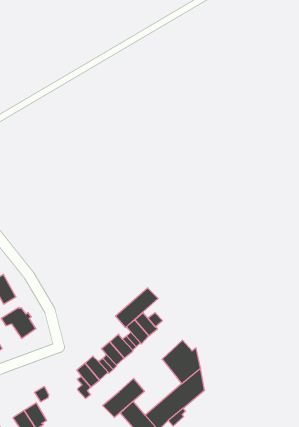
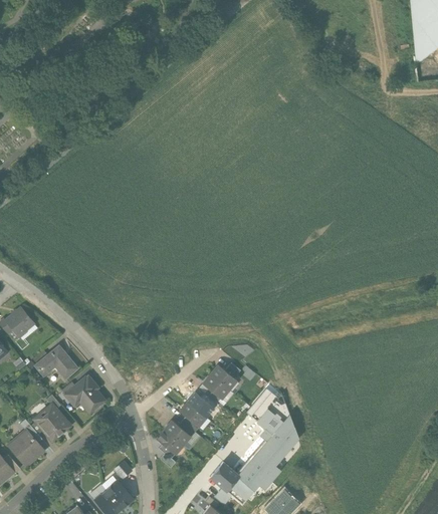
building: [116,288,158,328] -> none
building: [103,378,144,418] -> none

